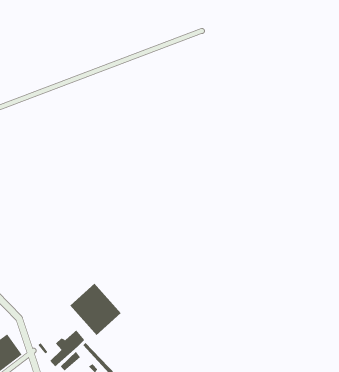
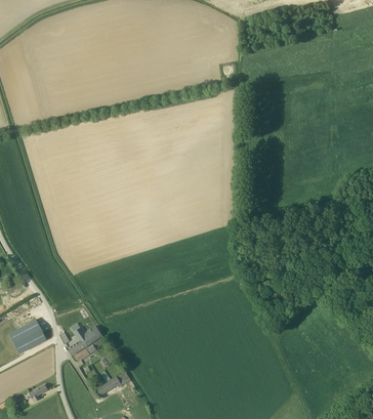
building: [69,283,121,336] -> none

